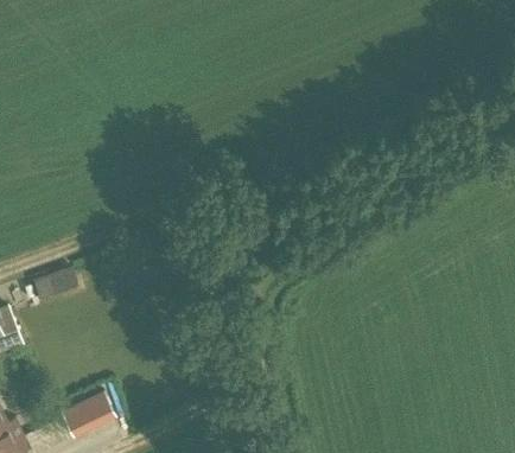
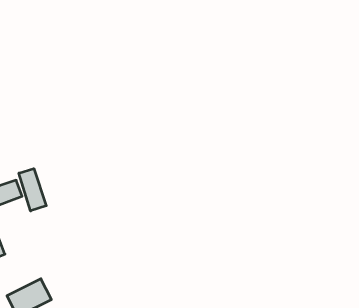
building: none -> [19,169,46,211]

